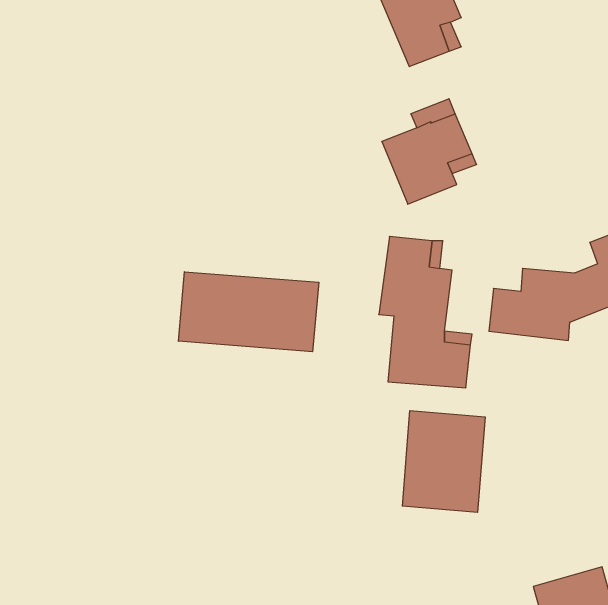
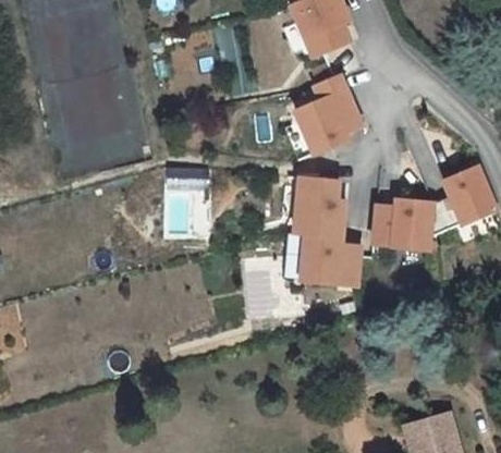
building: [178,272,319,352] -> none
building: [402,411,485,512] -> none

